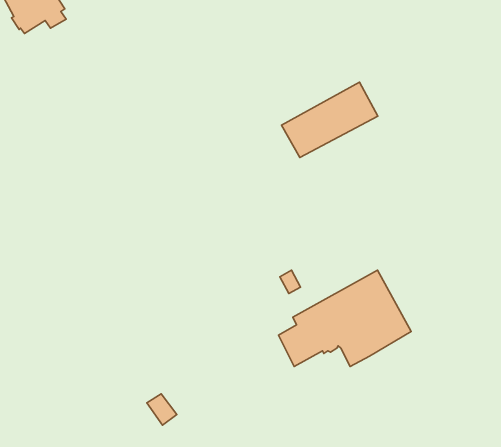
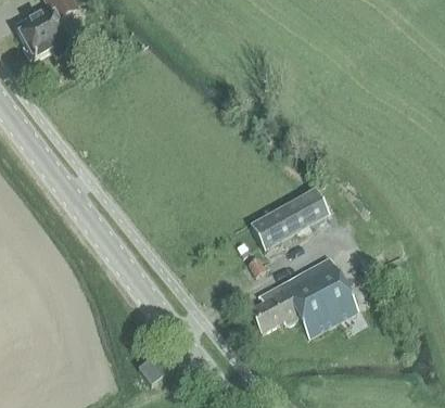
building: [282,82,378,158] -> [250,188,330,251]

